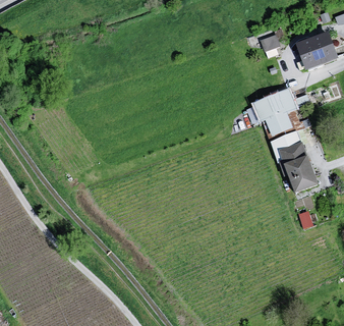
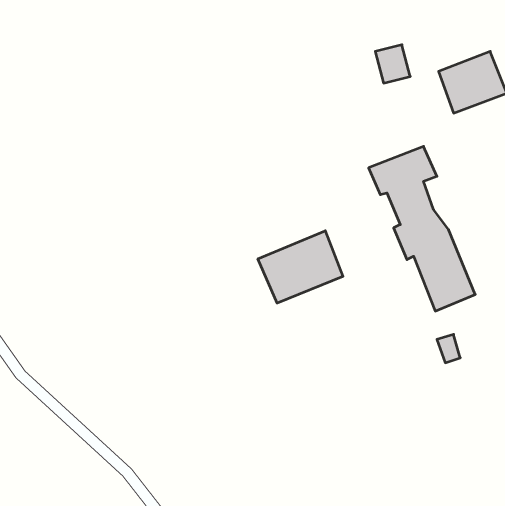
building: none -> [258,231,343,303]

